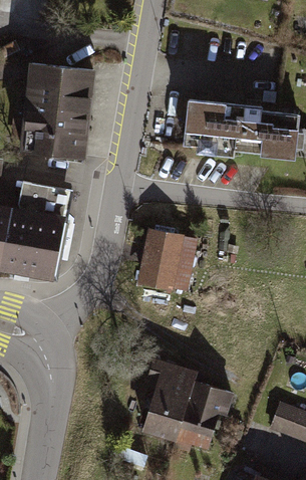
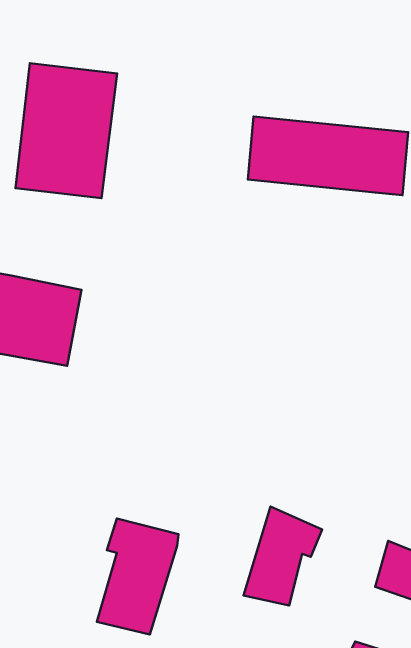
building: [16,183,71,224] -> none
building: [139,226,199,293] -> none
building: [141,356,199,438] -> [97,518,178,635]

